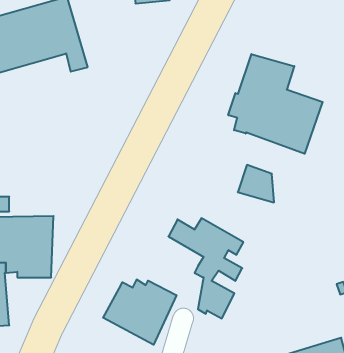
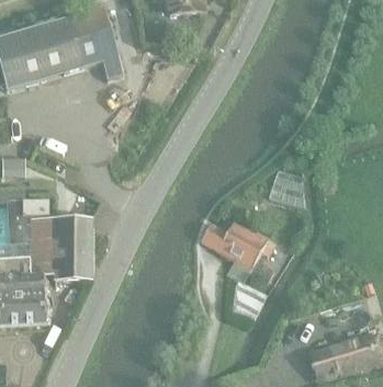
building: [228,54,323,154] -> none
building: [103,279,176,345] -> none

